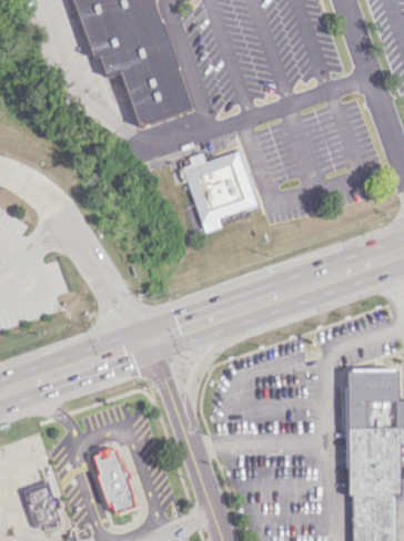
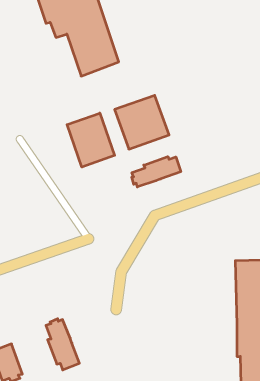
building: none -> [67,113,115,167]
building: none -> [132,157,181,187]

